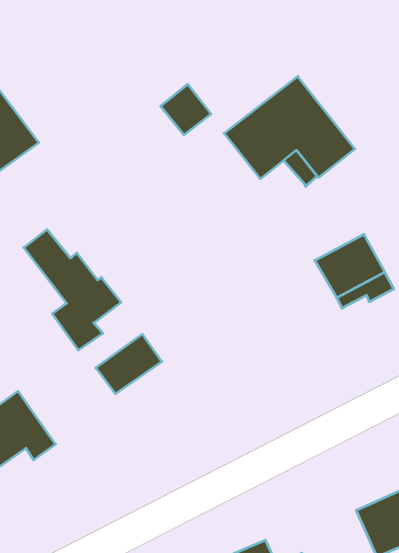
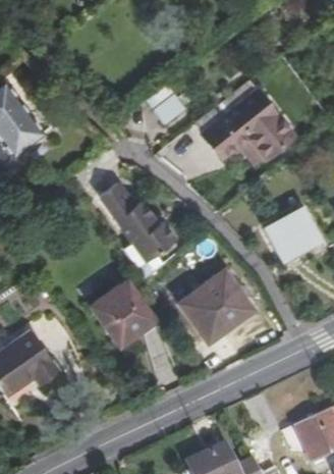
building: [24,230,121,350] -> [99,182,175,277]
building: none -> [179,272,252,343]
building: none -> [106,305,157,350]

